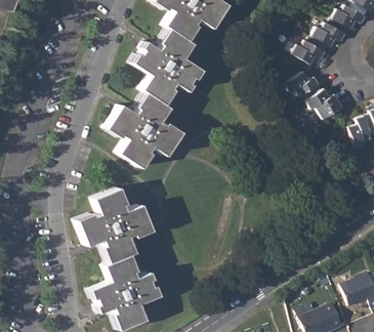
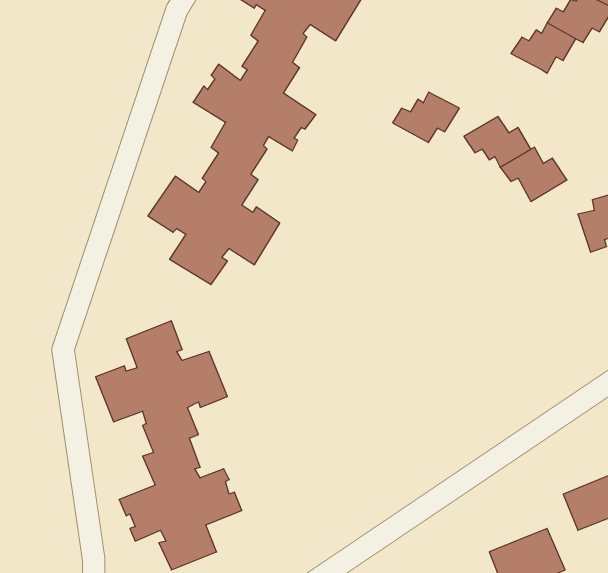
building: [292,35,330,64] -> [393,92,459,143]

